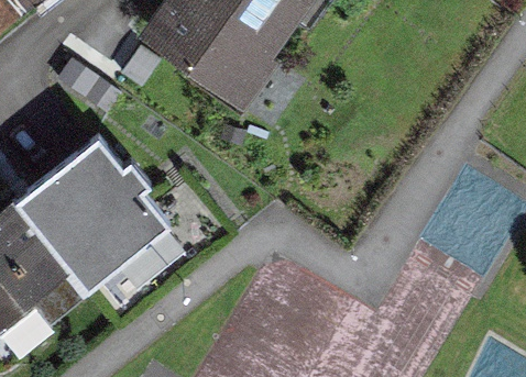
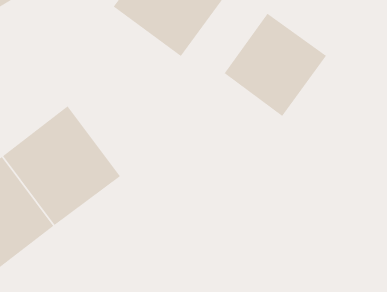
building: none -> [224,13,327,117]

